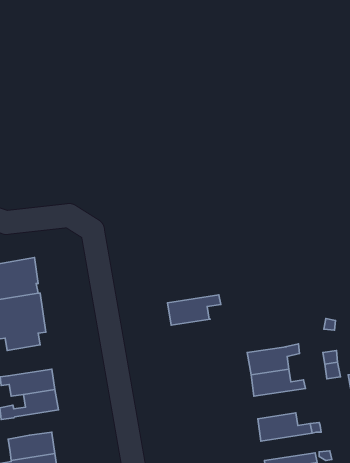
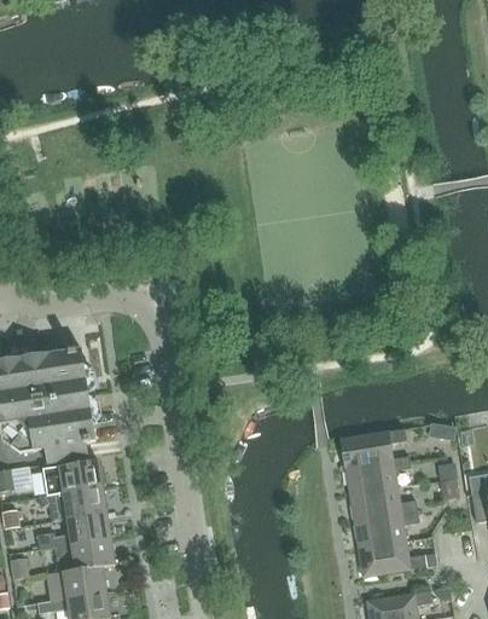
building: [167,295,221,325] -> [341,429,407,467]
building: none -> [45,461,103,496]
building: none -> [354,511,419,549]
building: none -> [56,538,115,569]

